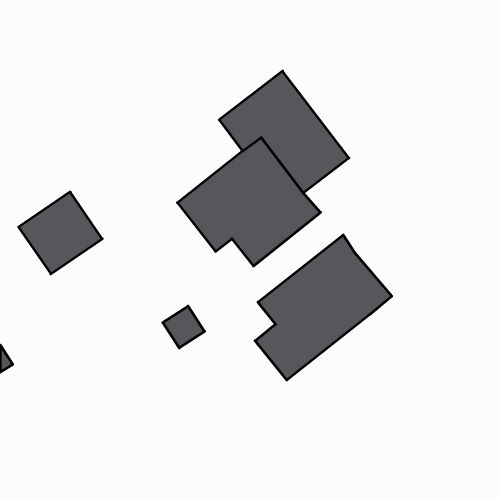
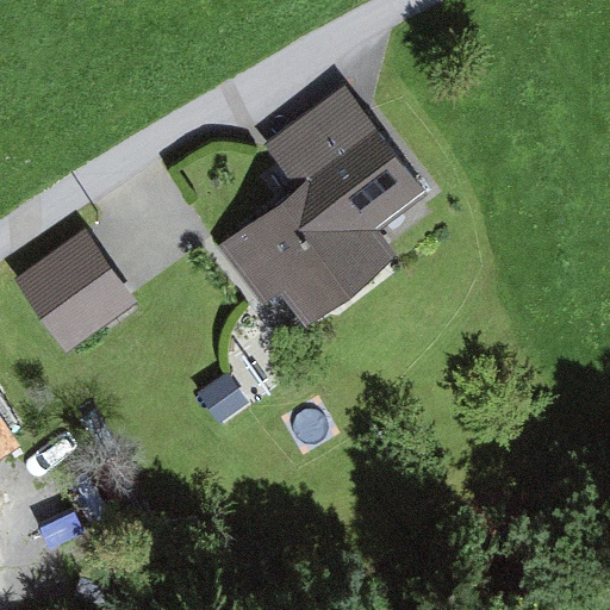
building: [255,235,392,380] -> none

